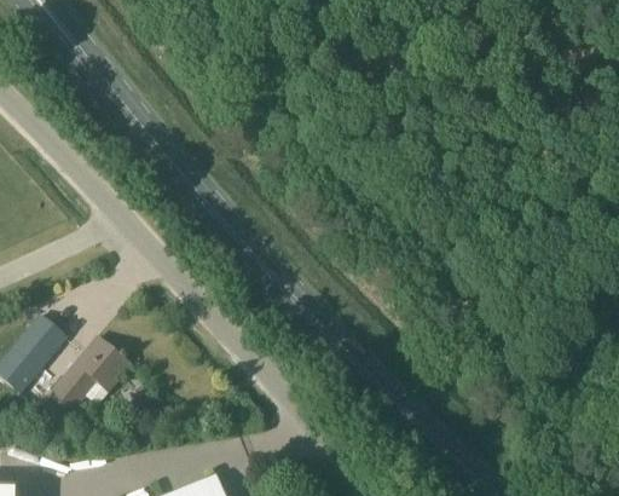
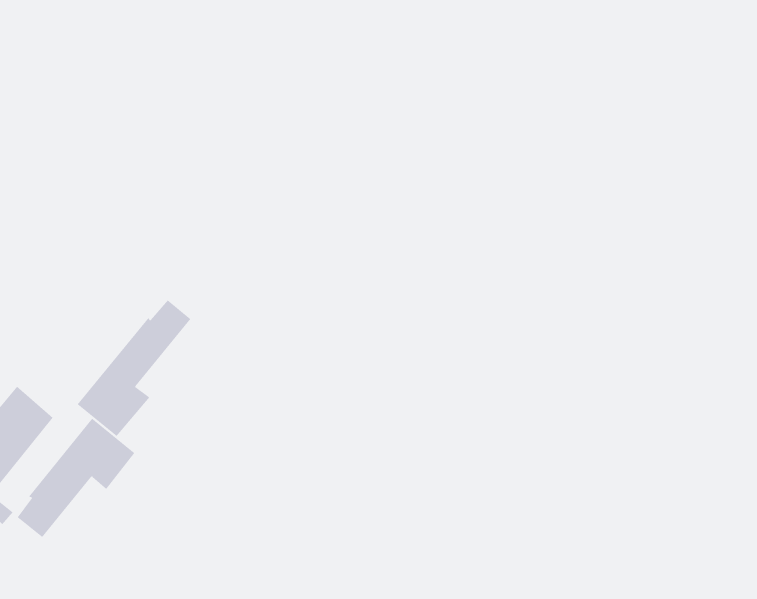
building: none -> [77,300,191,437]

